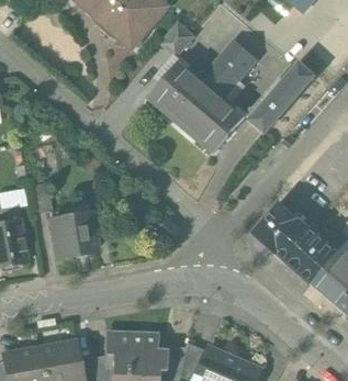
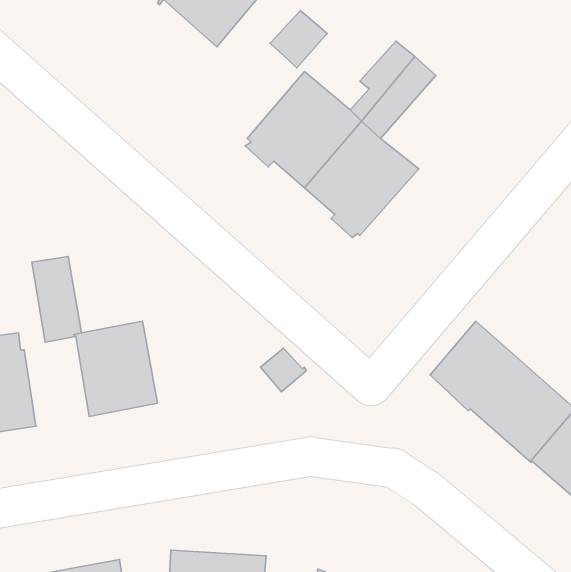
building: [250,64,314,133] -> none

